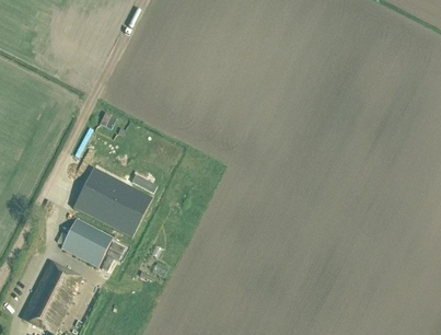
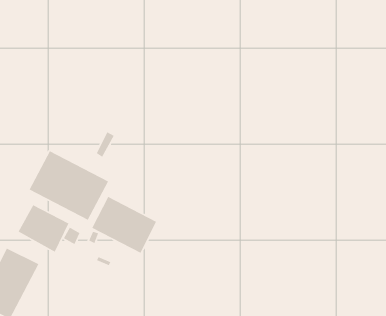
building: none -> [91,196,157,254]

